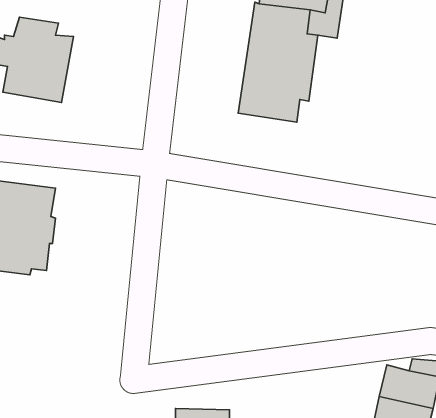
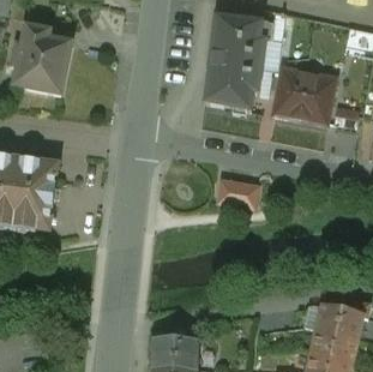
building: none -> [273,67,333,122]
building: none -> [223,180,257,205]

